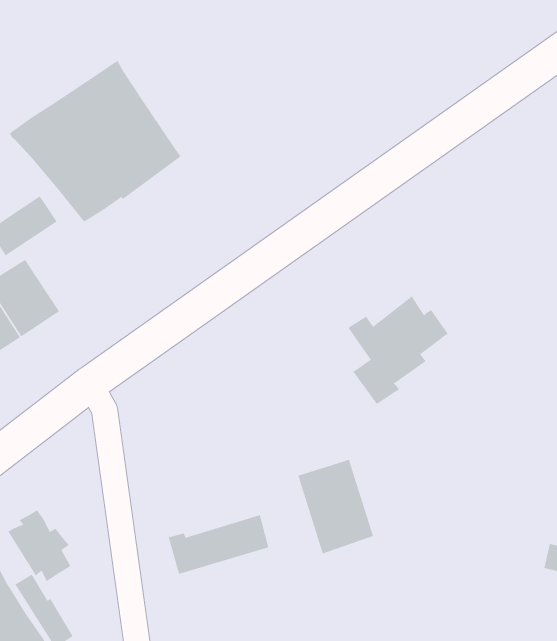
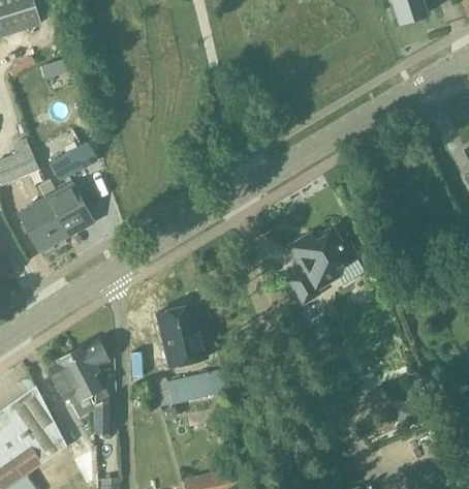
building: [9,60,181,223] -> none
building: [297,459,374,554] -> [156,304,205,367]
building: none -> [67,340,110,432]

